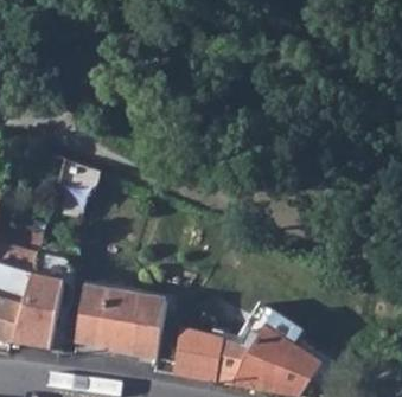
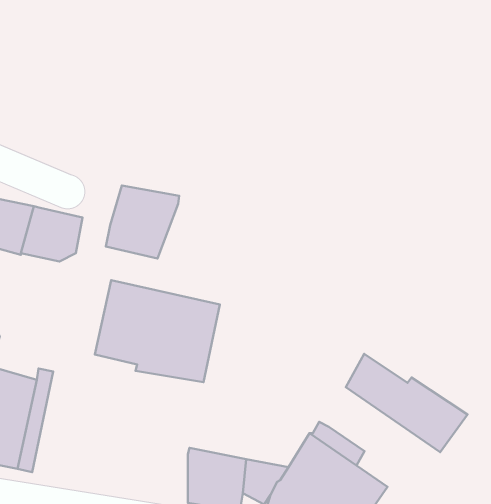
building: none -> [106,186,179,259]
building: none -> [346,354,468,452]
building: [75,283,166,358] -> [95,280,220,382]

